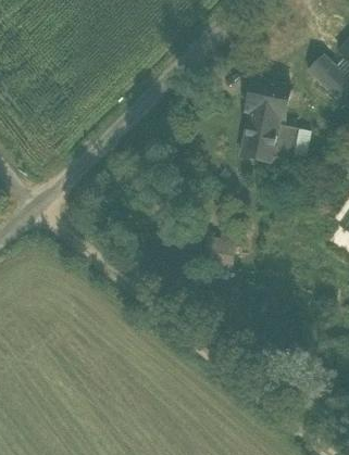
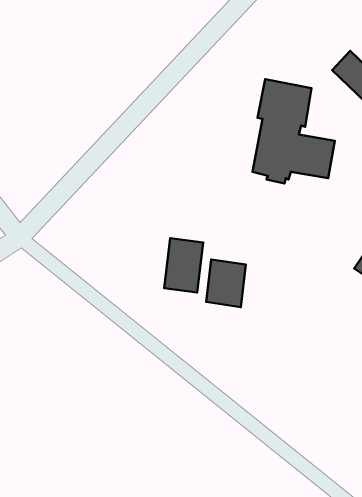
building: none -> [164,238,203,292]

